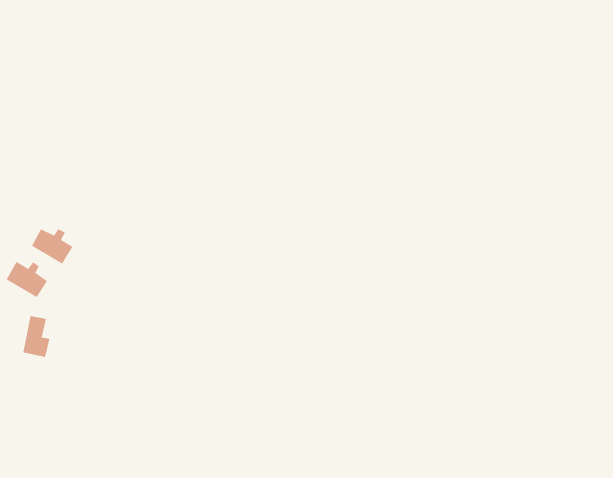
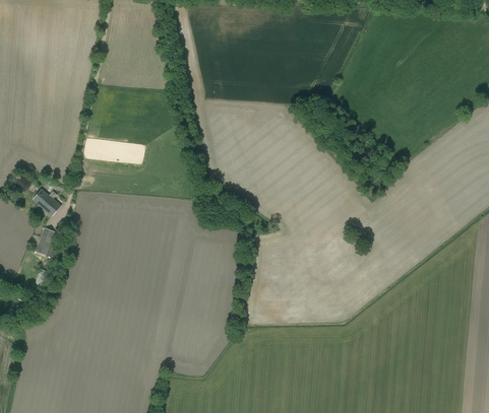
building: [31,228,73,265] -> none

